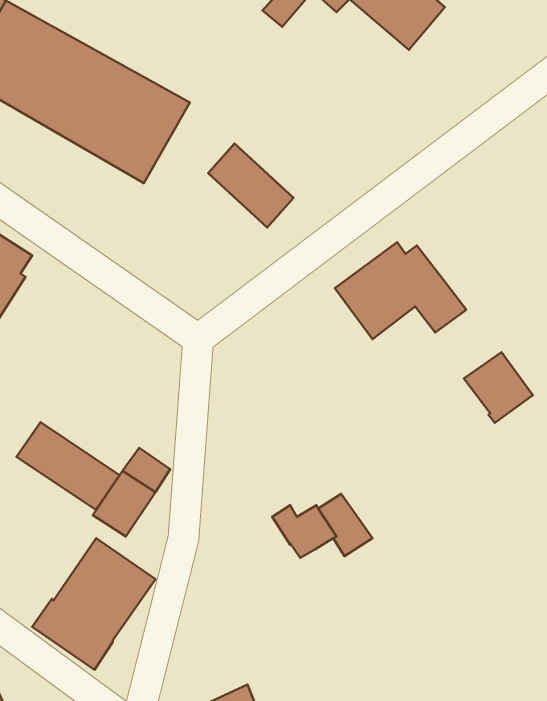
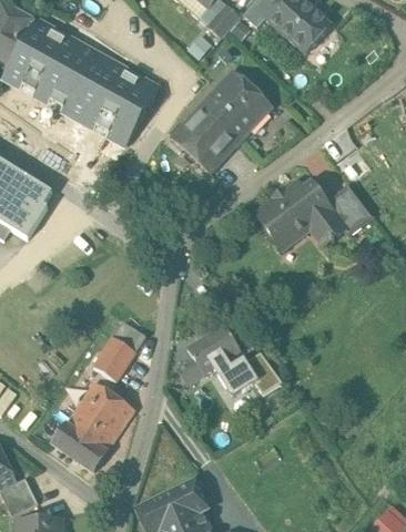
building: none -> [189,68,273,152]
building: [464,352,533,423] -> [327,186,374,234]
building: [16,422,120,510] -> none
building: none -> [177,325,241,383]

